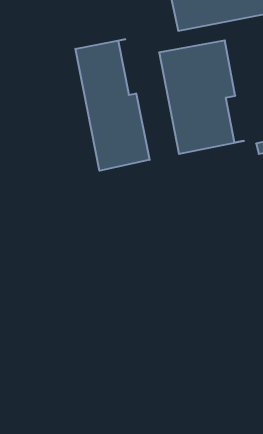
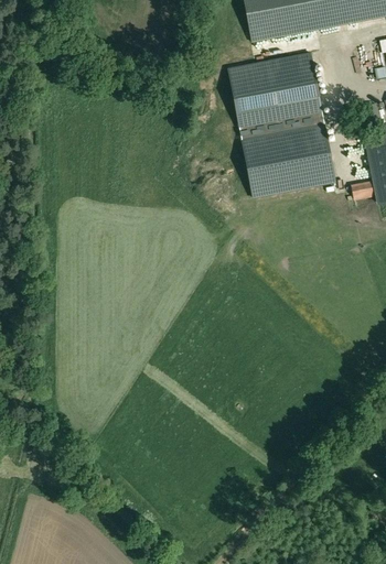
building: [75,39,150,171] -> none

